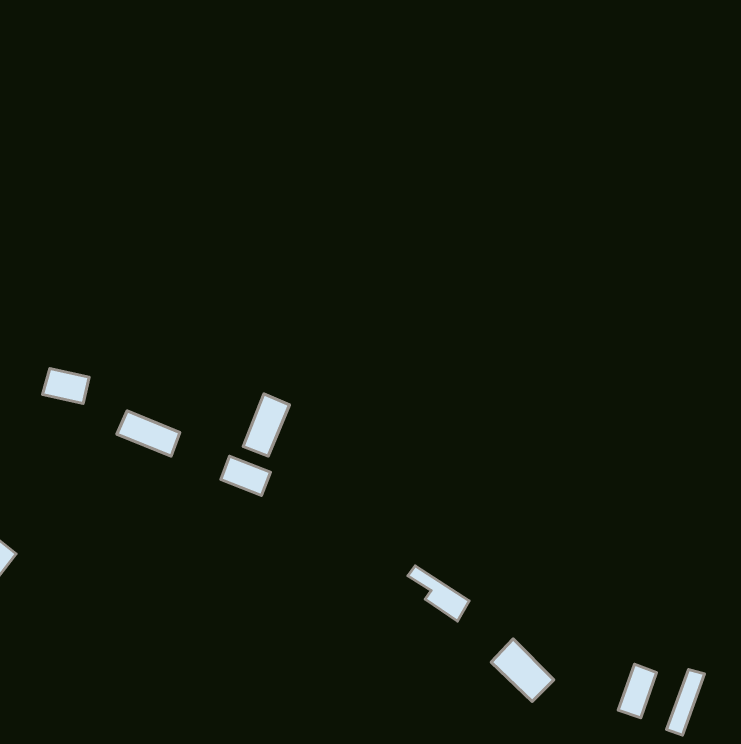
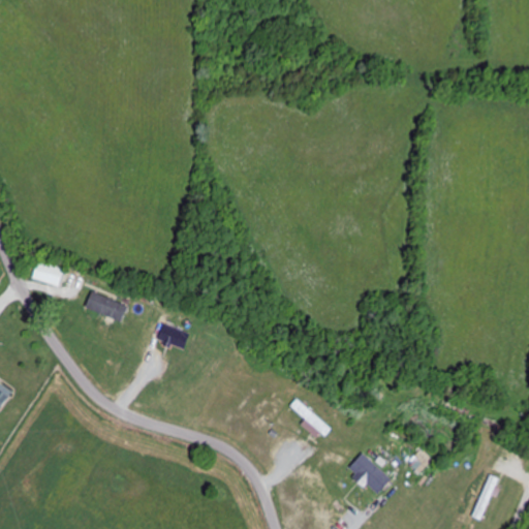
building: [243,394,289,456] -> none
building: [618,664,657,718] -> none

